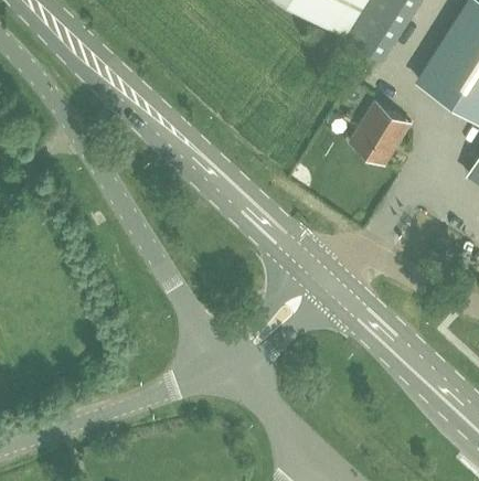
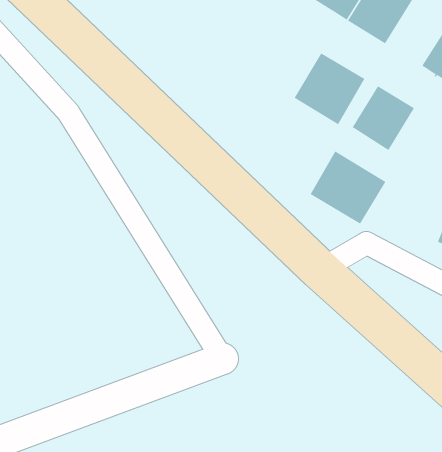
building: none -> [294,53,365,125]
building: none -> [310,150,386,224]

